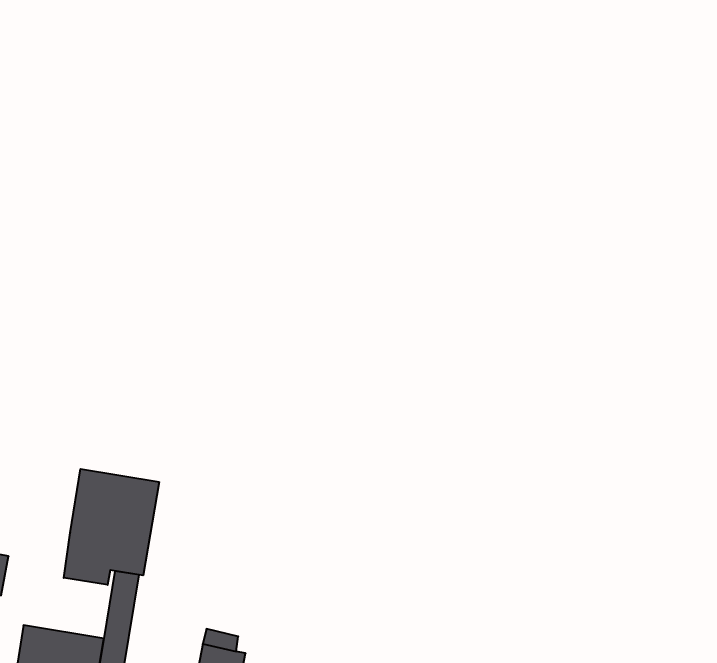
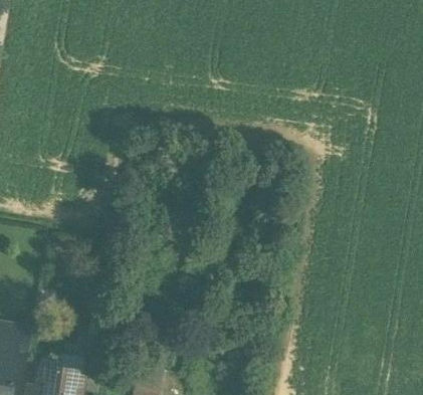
building: [64,469,159,585] -> none

